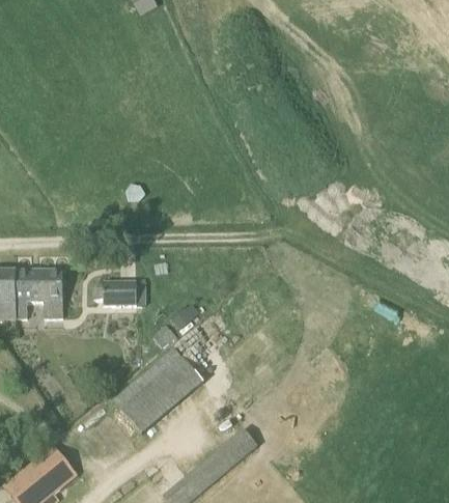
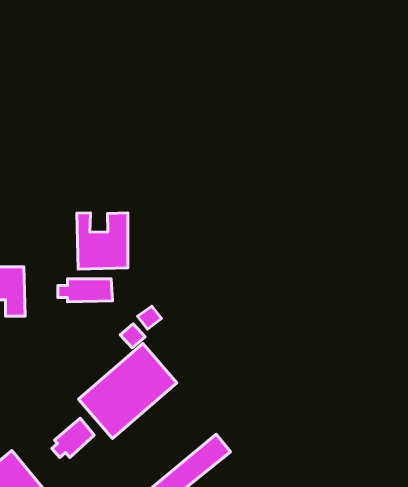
building: none -> [77,213,128,269]
building: none -> [52,418,94,458]

